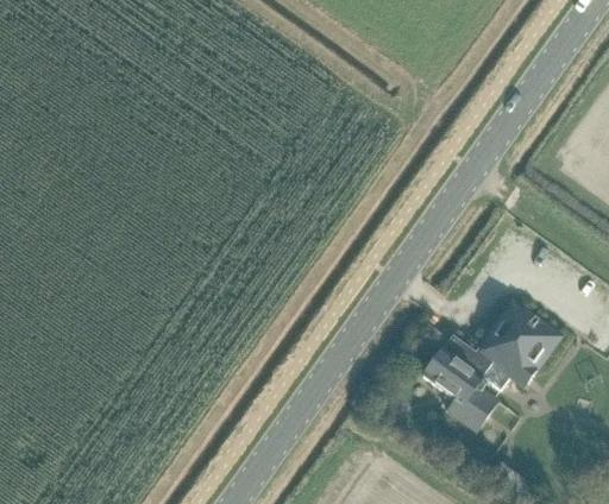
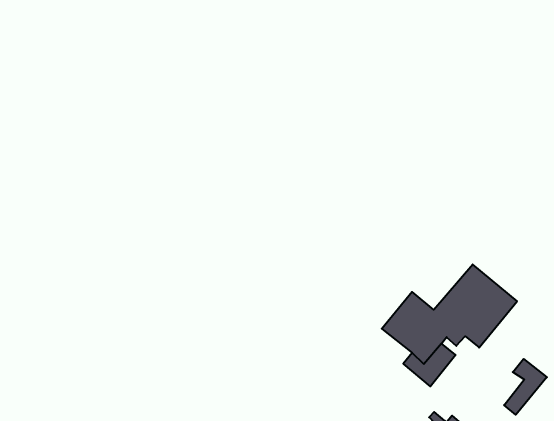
building: none -> [504,359,547,415]

